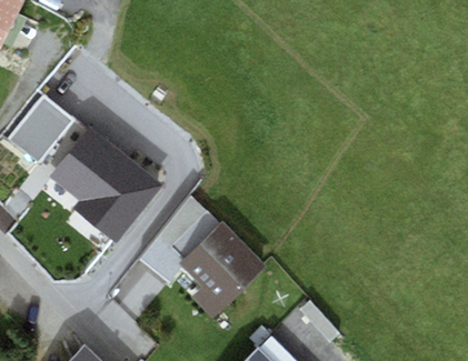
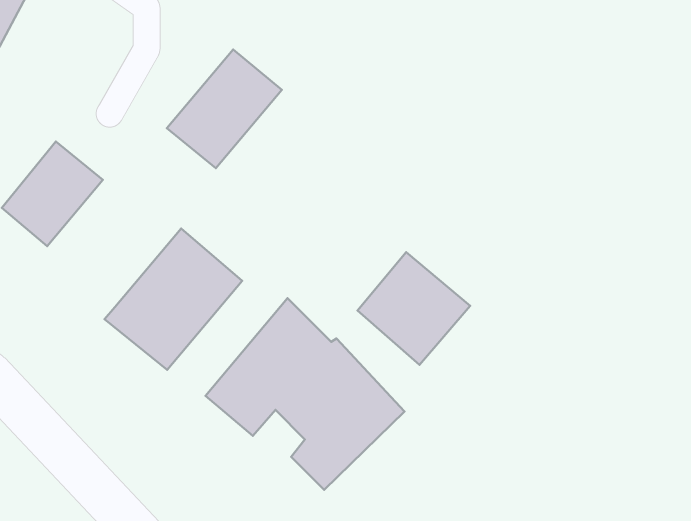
building: [49,126,122,201] -> [167,50,282,168]
building: none -> [357,252,470,365]

